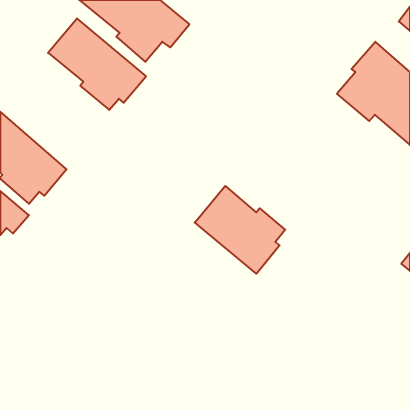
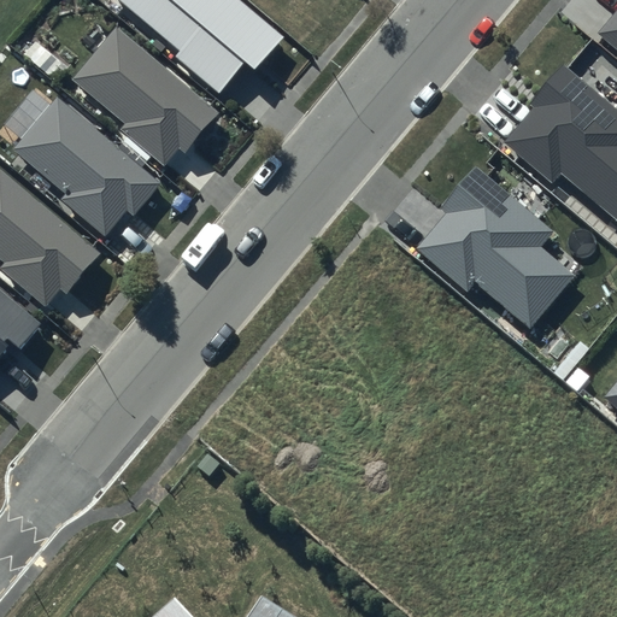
building: none -> [13,96,160,235]
building: none -> [416,165,575,327]
building: [195,186,285,274] -> none

